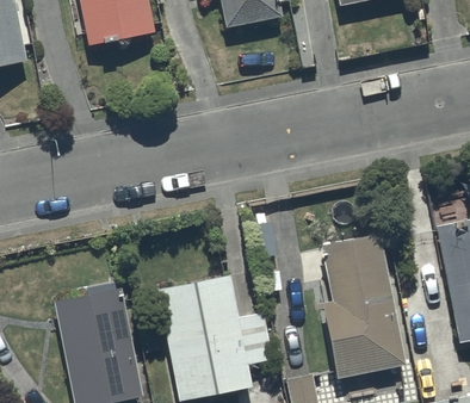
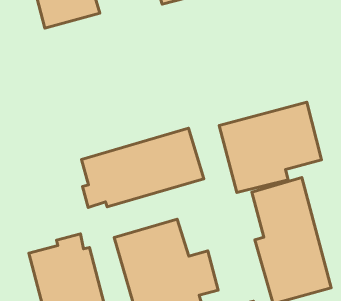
building: none -> [219,102,322,192]
building: none -> [81,128,204,208]

